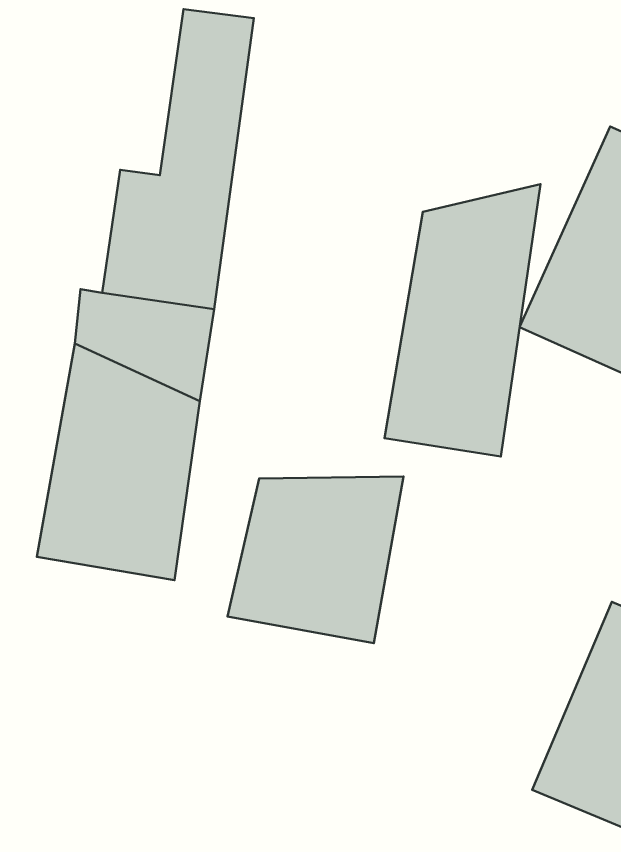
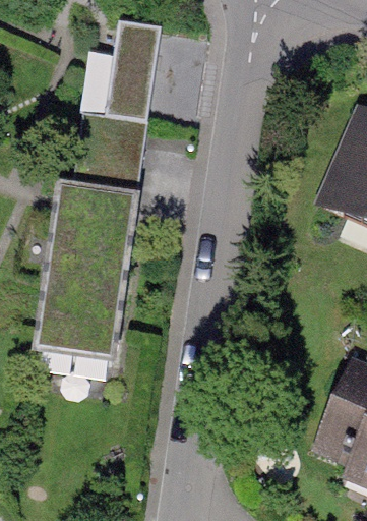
building: [384,184,540,456] -> none
building: [228,476,404,643] -> none

